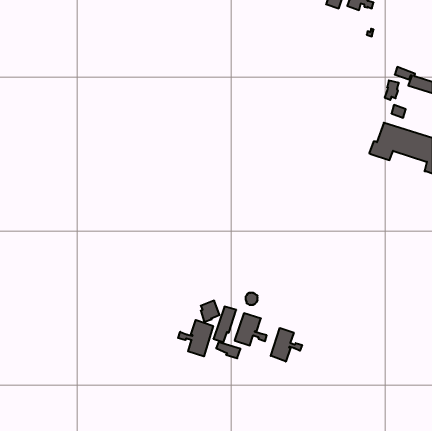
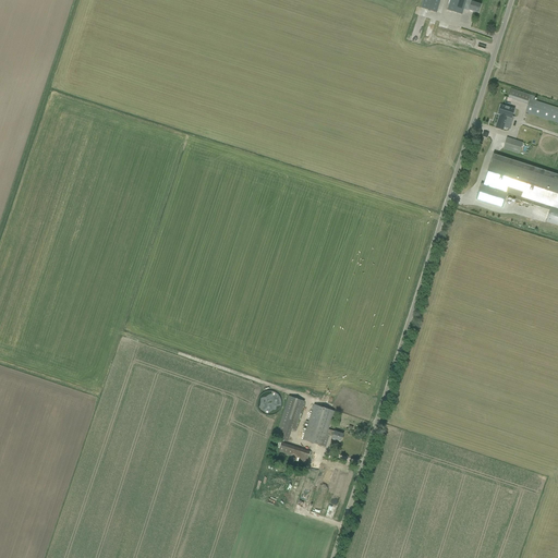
building: [178,320,213,356] -> none
building: [271,328,302,362] -> none

